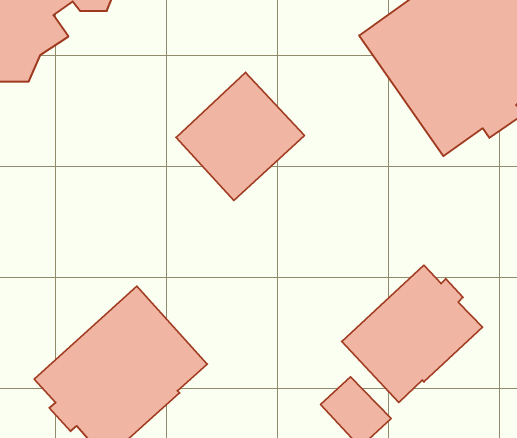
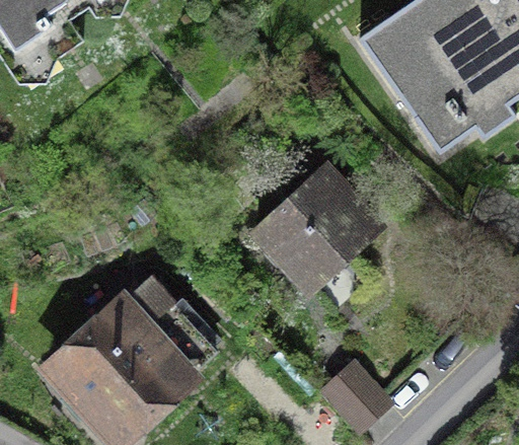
building: [176,72,304,200] -> [256,166,378,288]
building: [342,265,482,402] -> none

